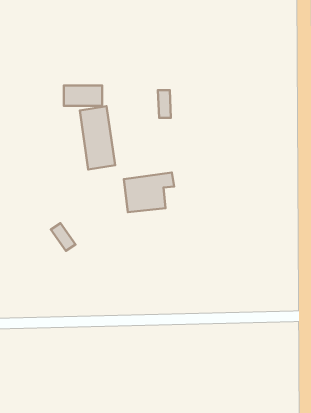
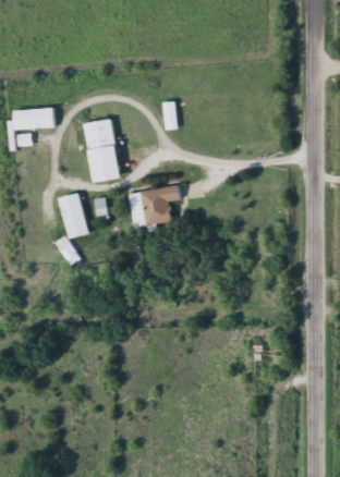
building: [64,85,102,106] -> [13,109,52,130]
building: none -> [59,193,88,237]

